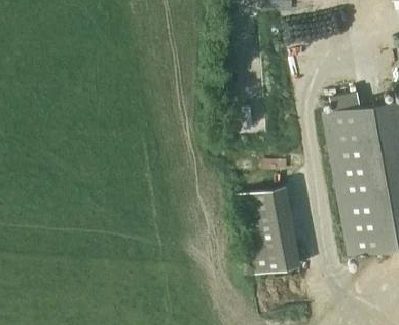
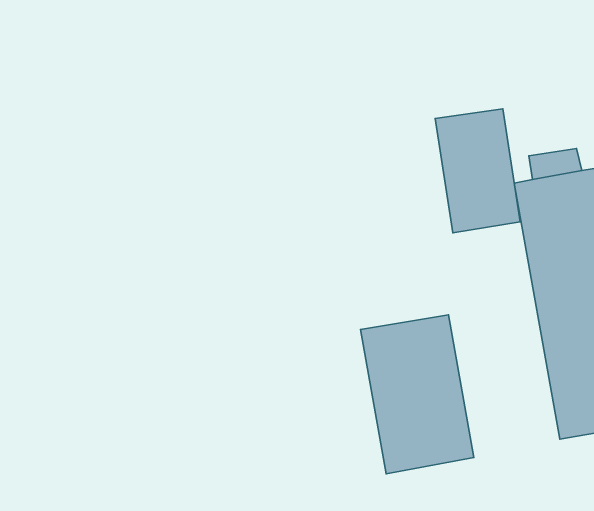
building: none -> [435,109,520,233]

